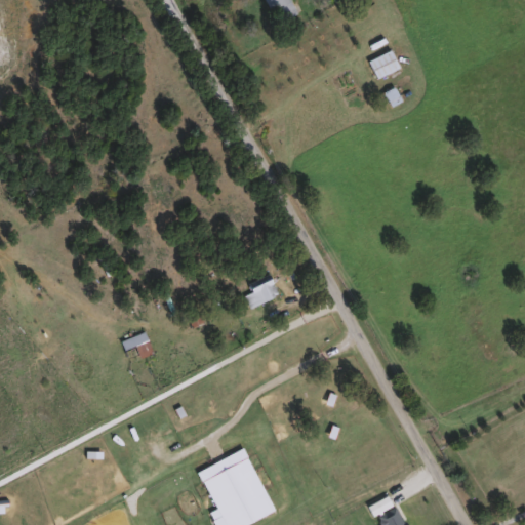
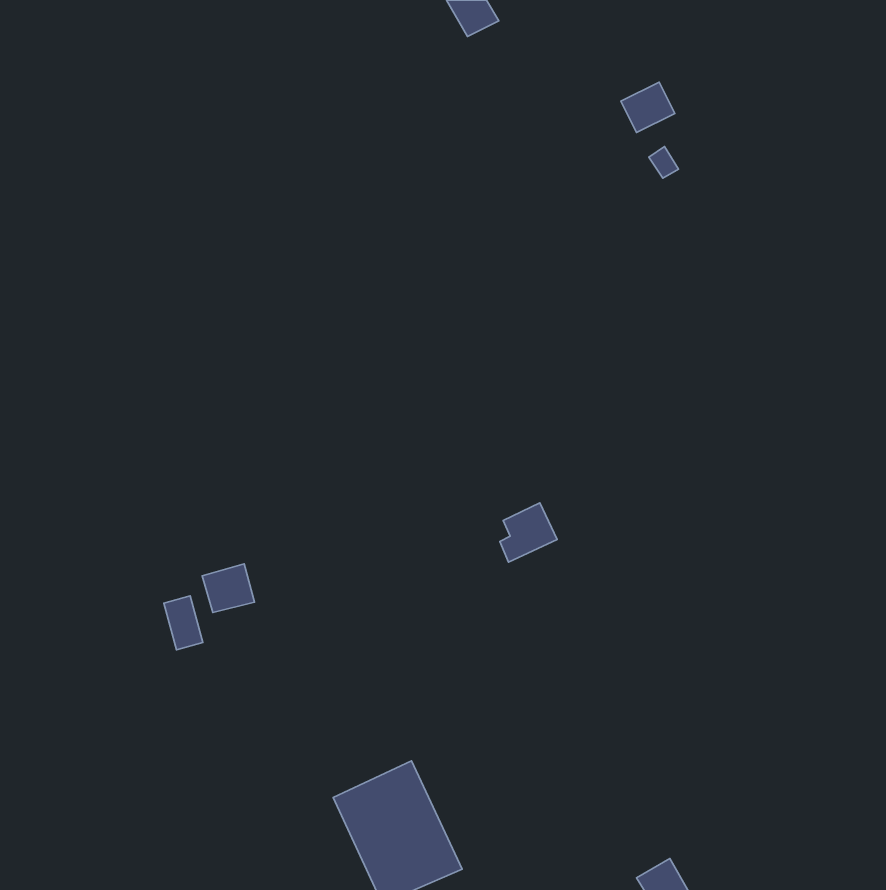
building: [245,273,279,308] -> [500,503,557,562]
building: none -> [164,596,203,650]

